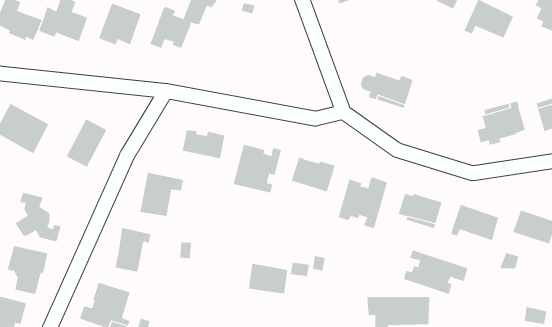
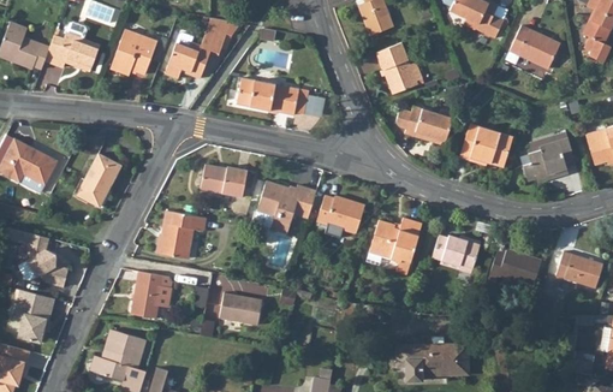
building: none -> [376,38,417,90]
building: none -> [238,78,308,115]
building: none -> [457,121,510,165]
building: [403,249,468,295] -> none
building: [248,263,288,294] -> [219,295,262,328]

